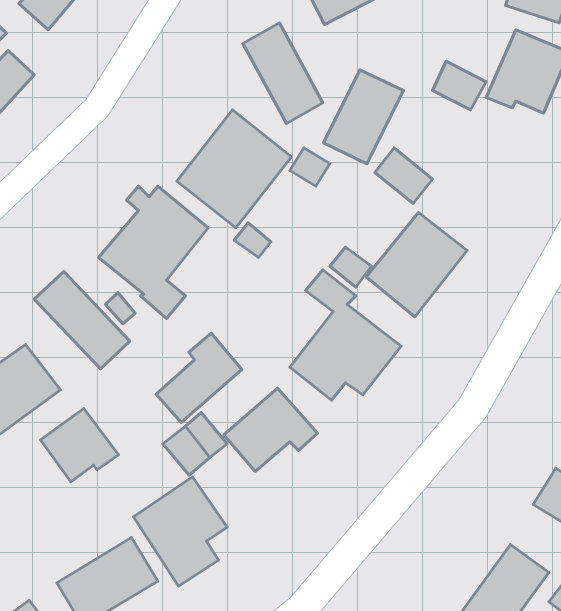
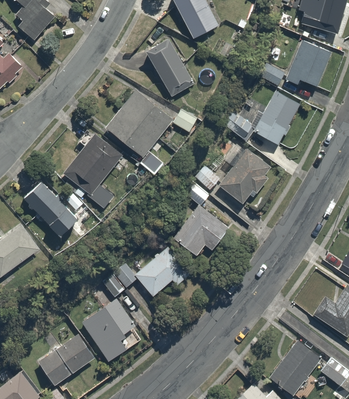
building: [323,70,403,164] -> [254,91,300,145]
building: [156,333,242,422] -> none
building: [40,408,118,482] -> none

